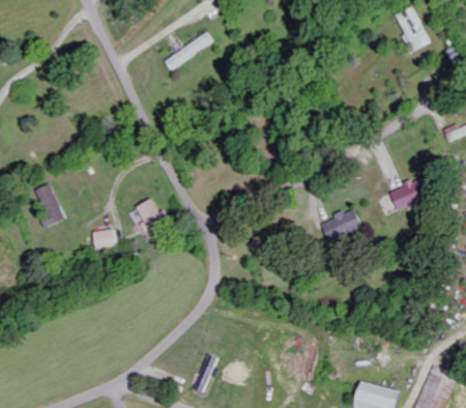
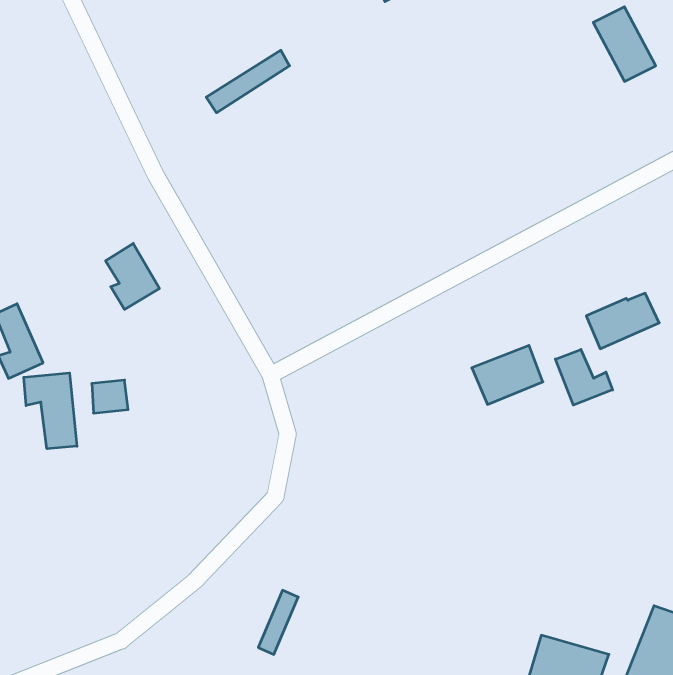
building: [134,198,166,237] -> [106,243,159,309]
building: none -> [555,349,613,405]
building: none -> [24,373,77,449]

